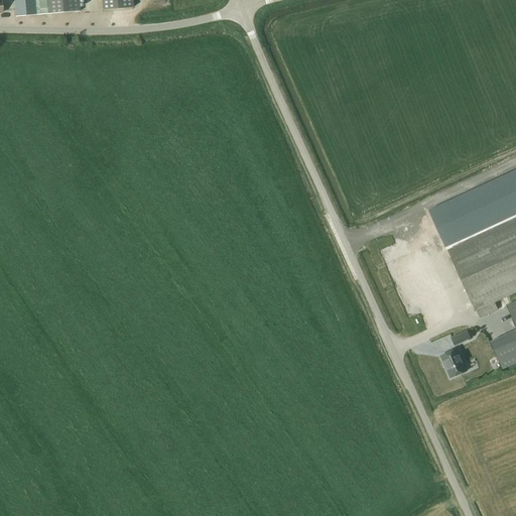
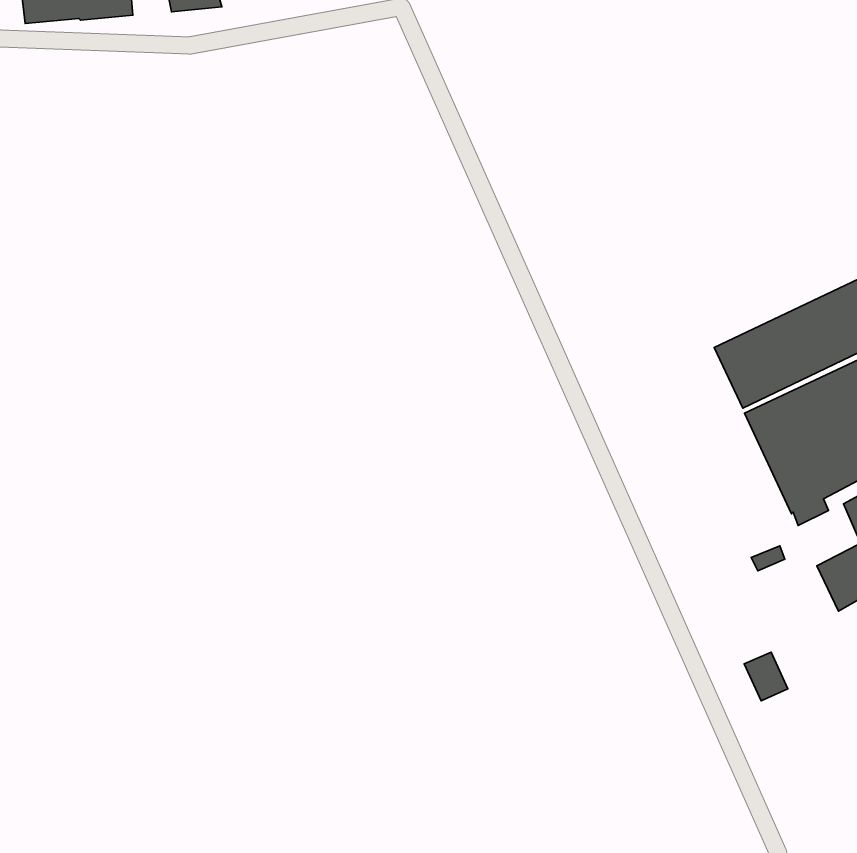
building: [441,346,468,375] -> [744,652,788,701]

